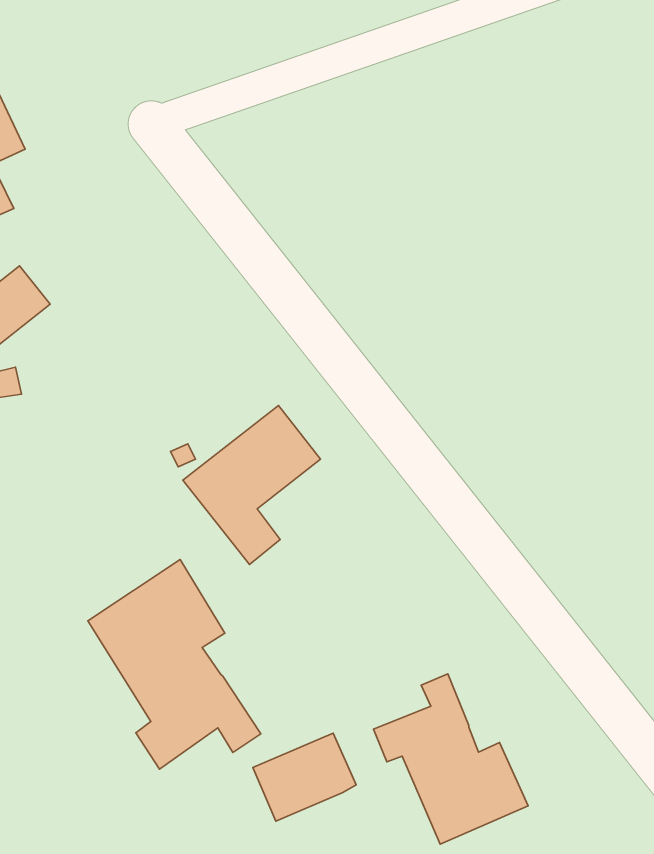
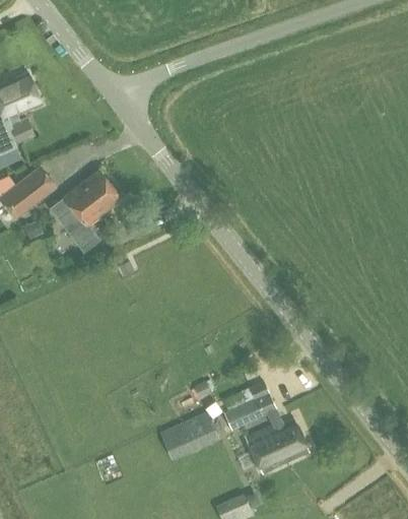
building: [183,405,320,564] -> [48,169,121,253]
building: [88,560,261,769] -> none

